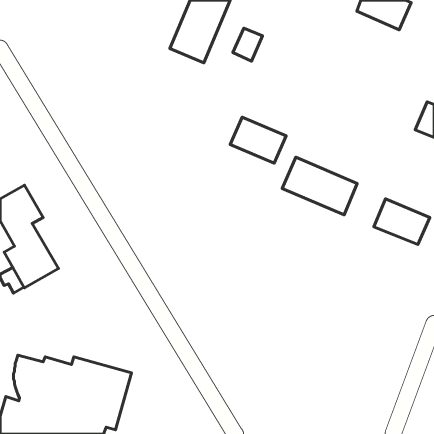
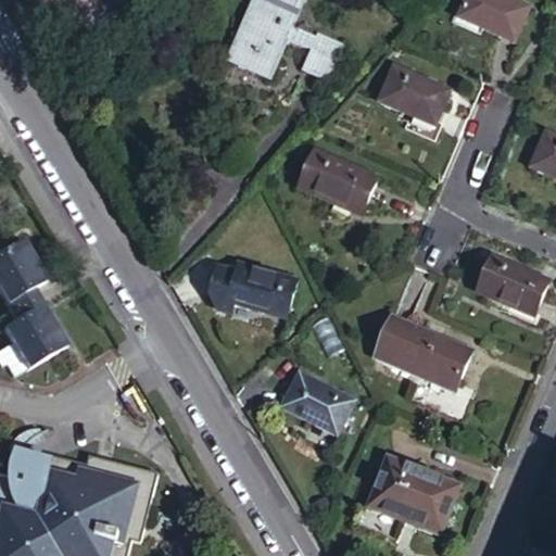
building: none -> [375,66,444,125]
building: [282,157,357,215] -> [376,315,471,389]
building: none -> [222,258,293,319]
building: none -> [269,371,352,437]
building: none -> [369,459,457,533]

